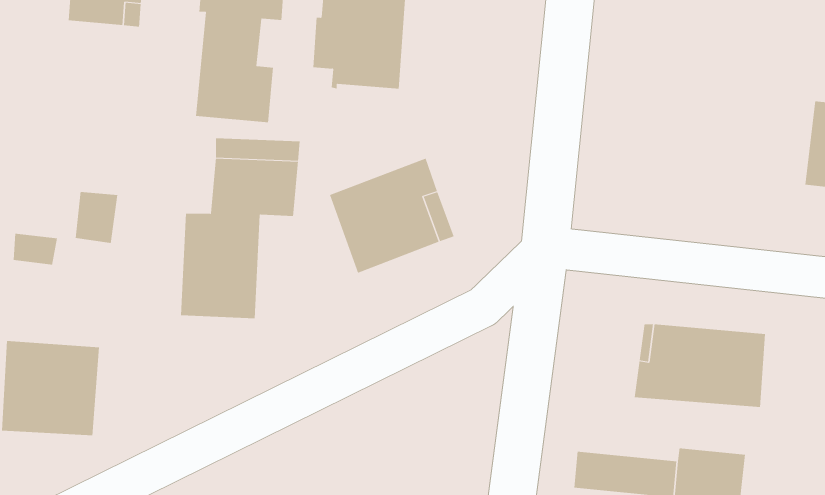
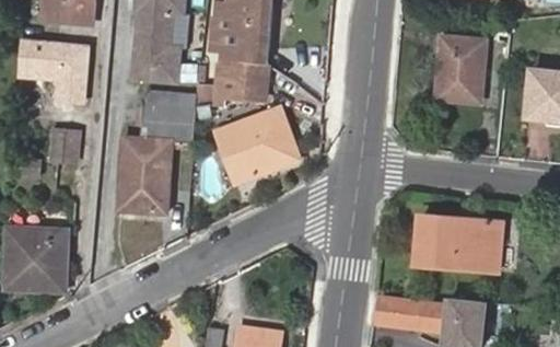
building: none -> [16,38,92,106]
building: none -> [439,39,488,103]
building: none -> [219,59,266,104]

